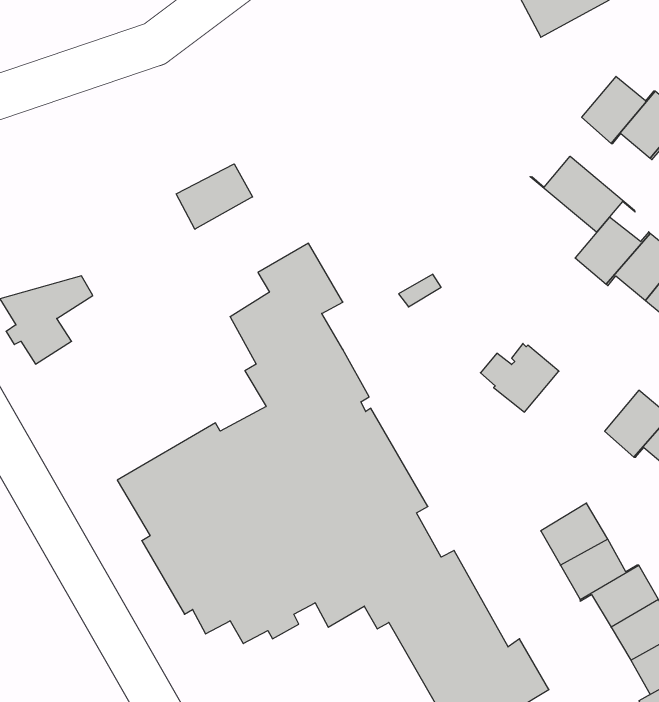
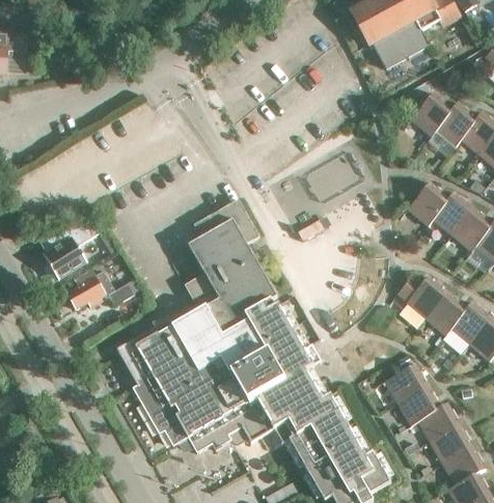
building: [530,156,635,232] -> none
building: [176,164,253,229] -> none
building: [480,343,559,412] -> [397,275,447,318]
building: none -> [67,271,134,310]

